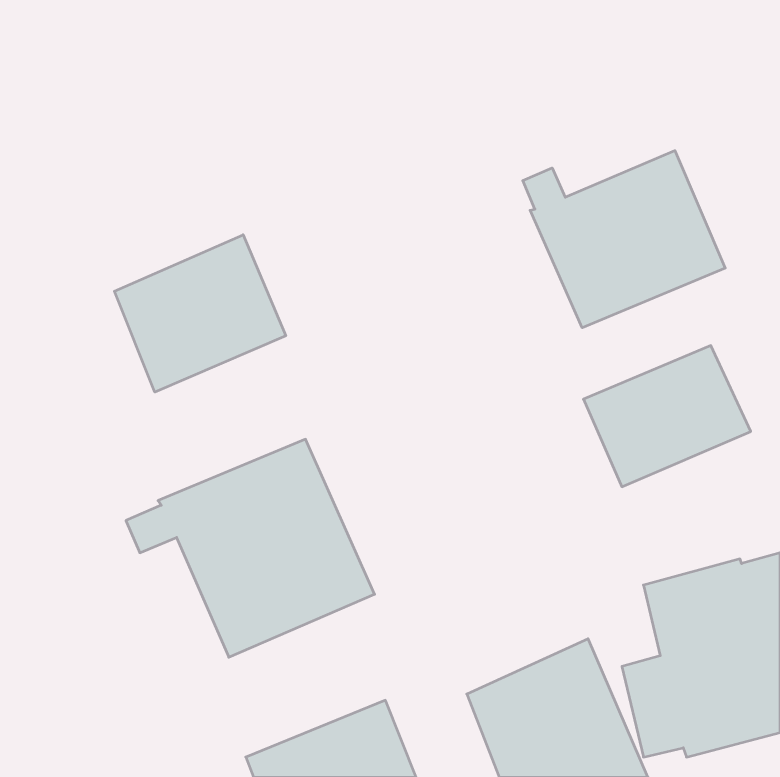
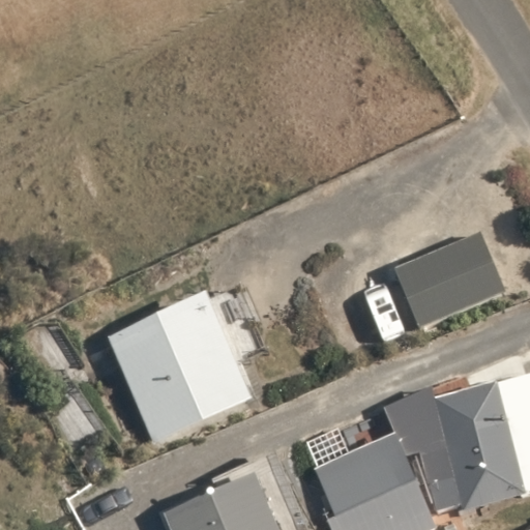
building: [523,151,725,328] -> none
building: [114,235,286,392] -> none

